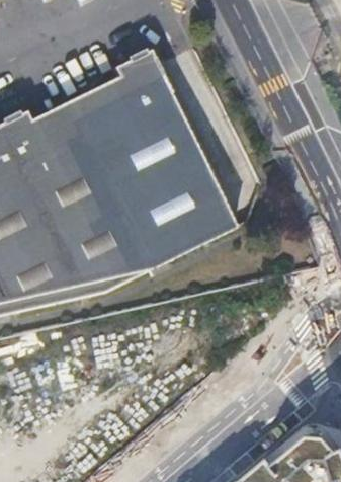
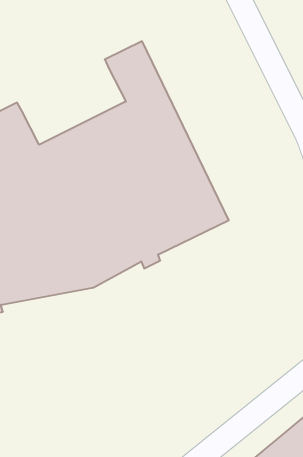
building: [28,73,133,150] -> none

